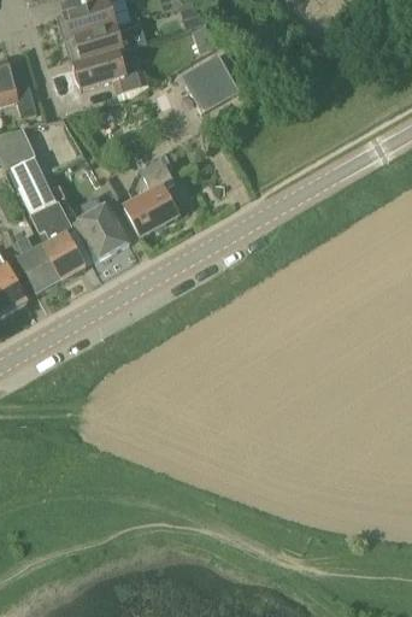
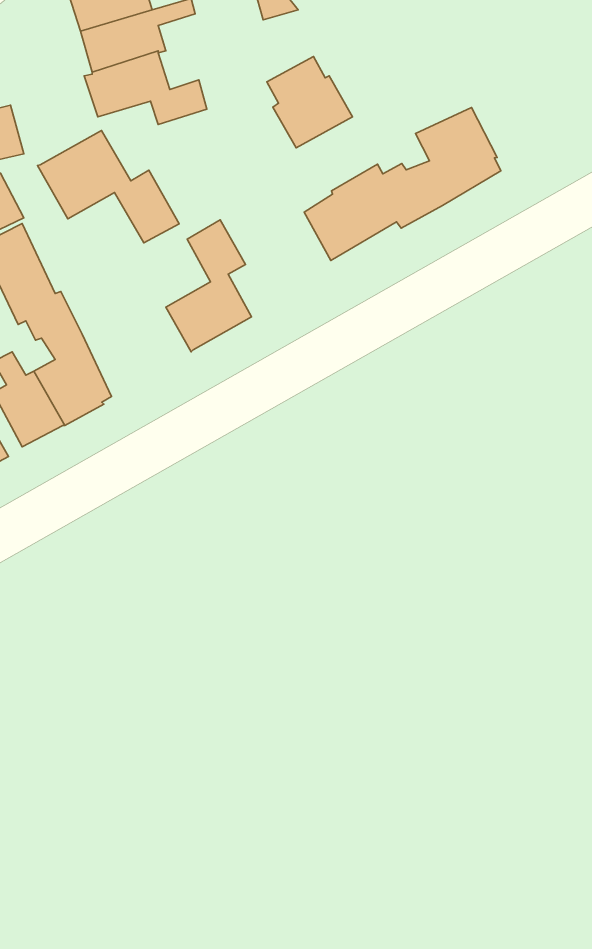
building: none -> [304,107,501,261]
building: none -> [37,130,179,243]
building: [73,200,130,263] -> none

